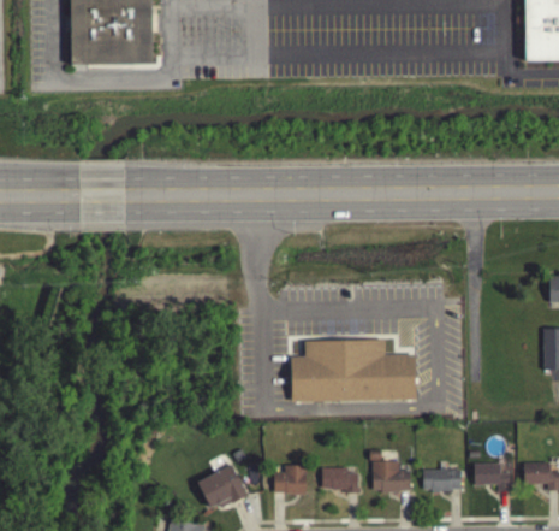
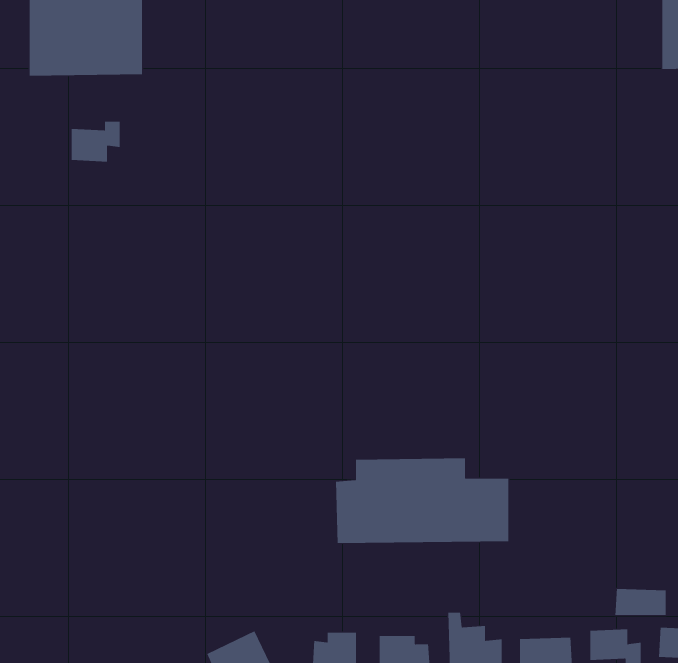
building: none -> [71,121,120,162]
building: none -> [615,588,666,616]

